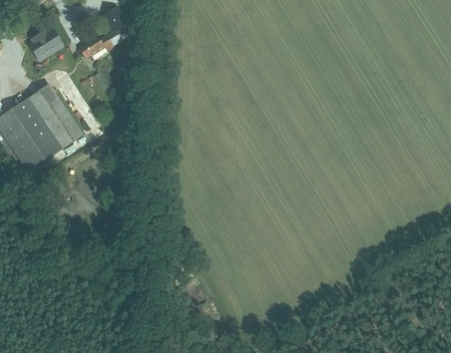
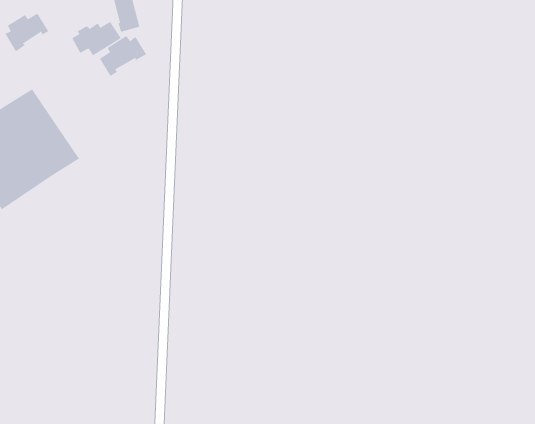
building: none -> [99,35,147,77]

